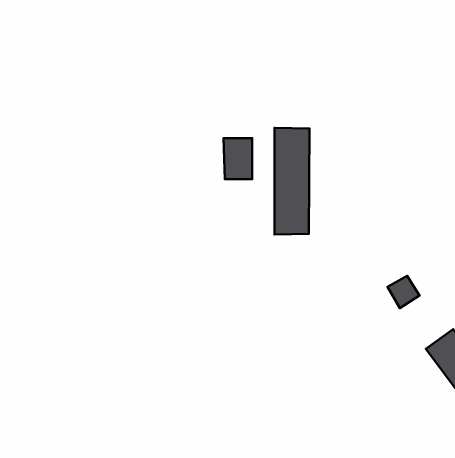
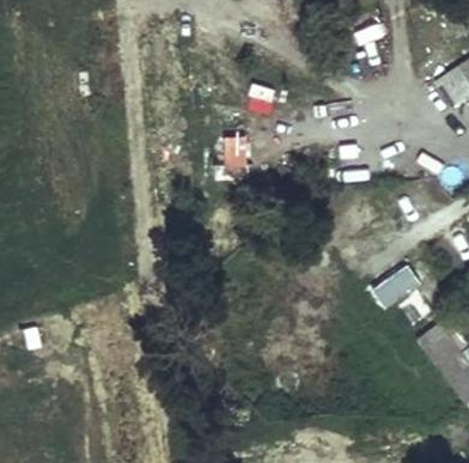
building: [275,128,310,234] -> none

